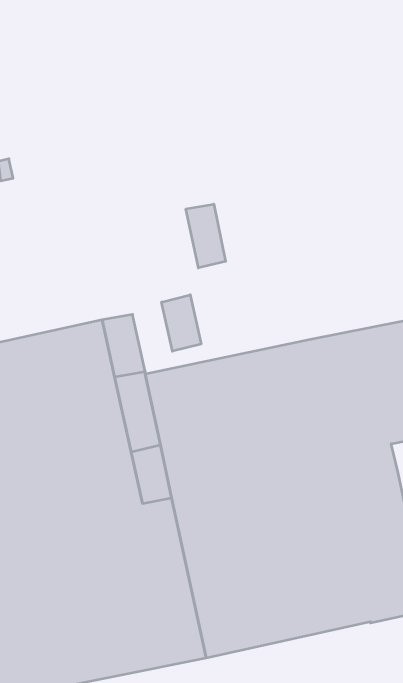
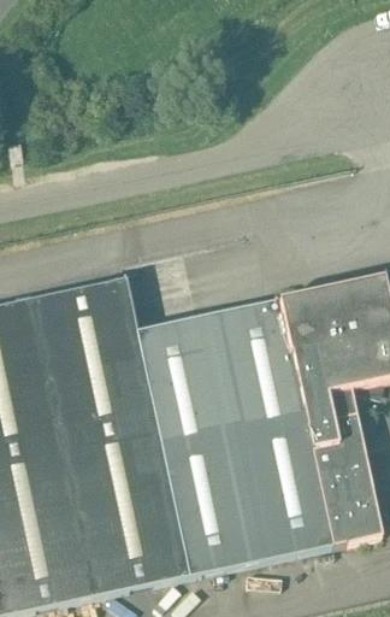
building: [186,204,226,268] -> none
building: [162,295,201,351] -> none

